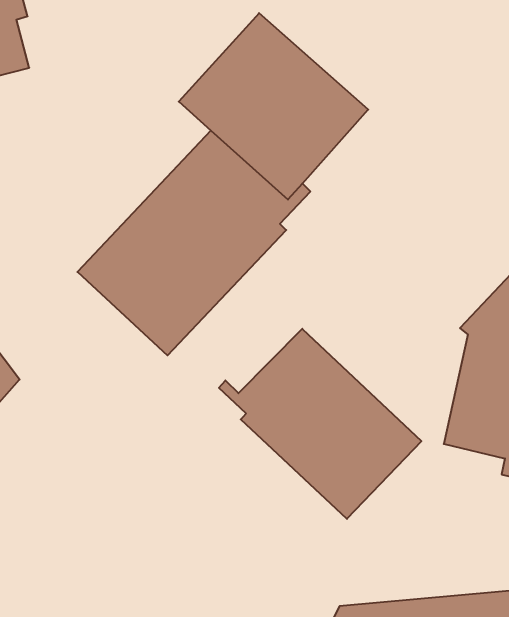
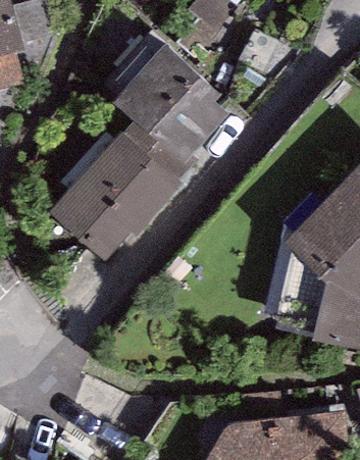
building: [219,329,421,519] -> none

